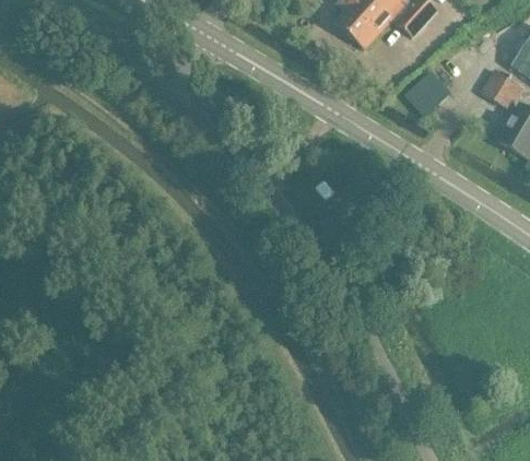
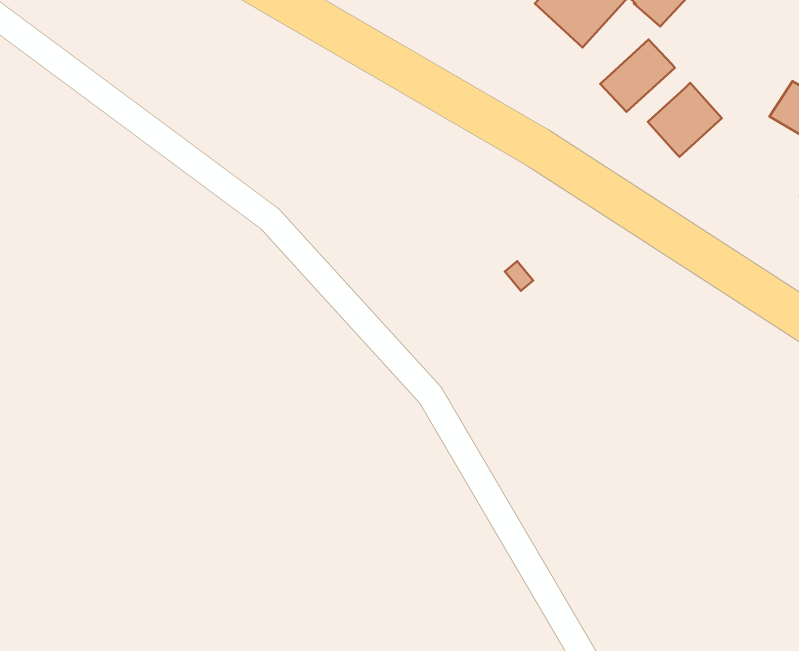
building: none -> [600,40,675,112]

